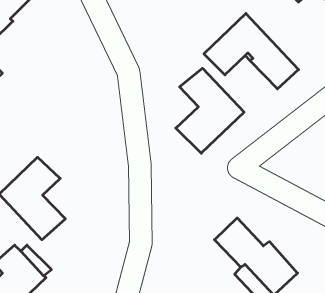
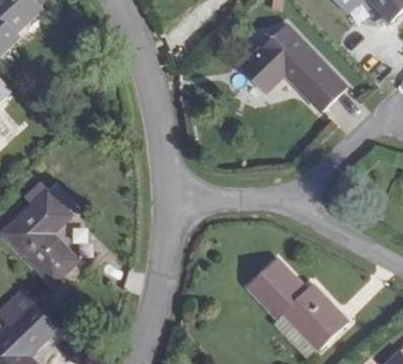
building: [176,68,244,153] -> none

